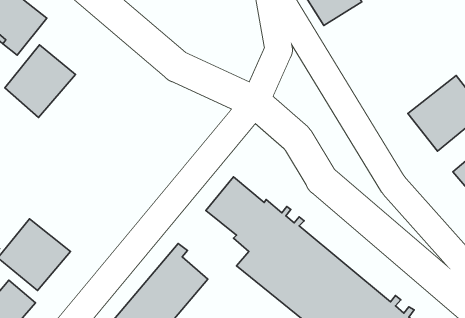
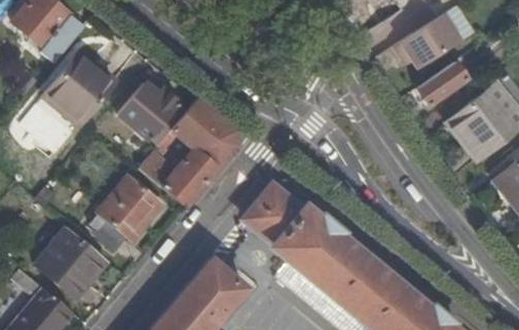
building: none -> [392,15,458,70]
building: none -> [417,60,469,105]
building: none -> [121,80,182,139]
building: none -> [141,97,239,207]
building: none -> [98,176,163,249]

